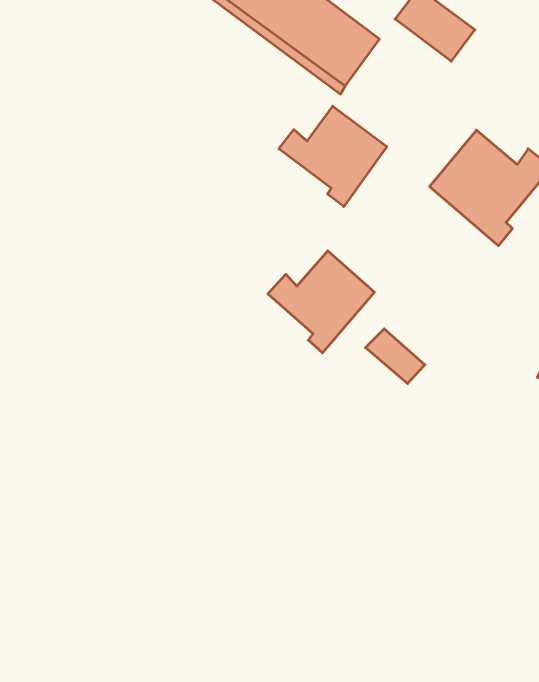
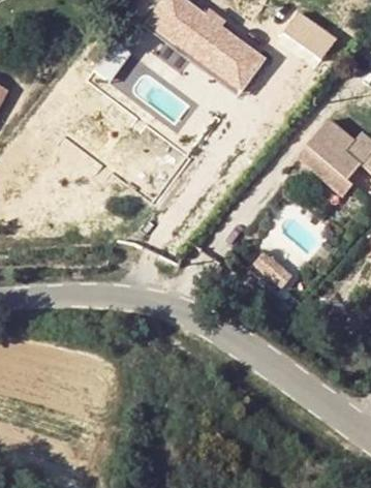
building: [279,106,387,207] -> none
building: [268,251,374,353] -> none

